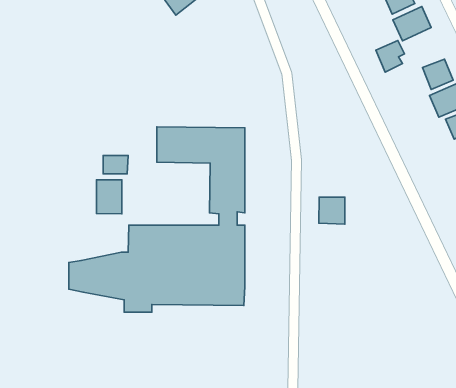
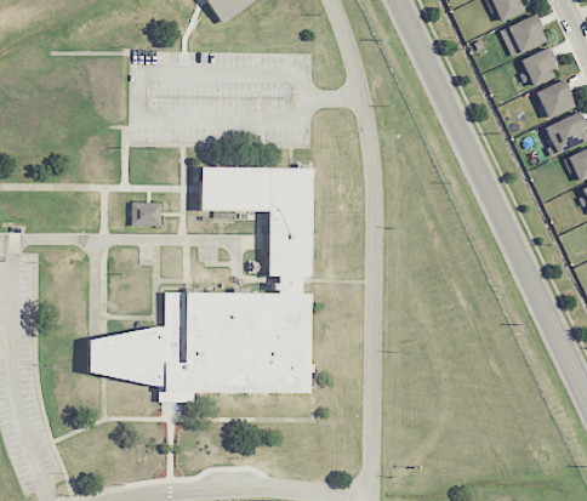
building: [376,41,404,72] -> [522,47,558,87]
building: [97,180,122,214] -> none
building: [319,197,345,224] -> none

